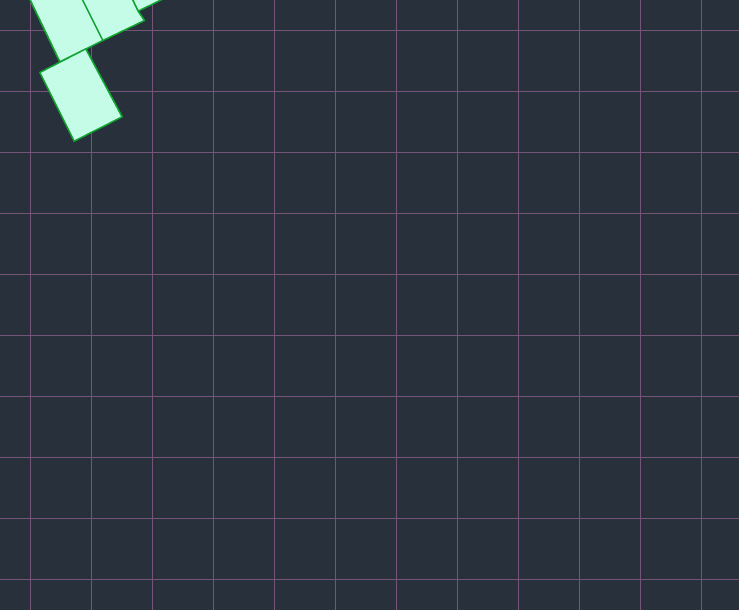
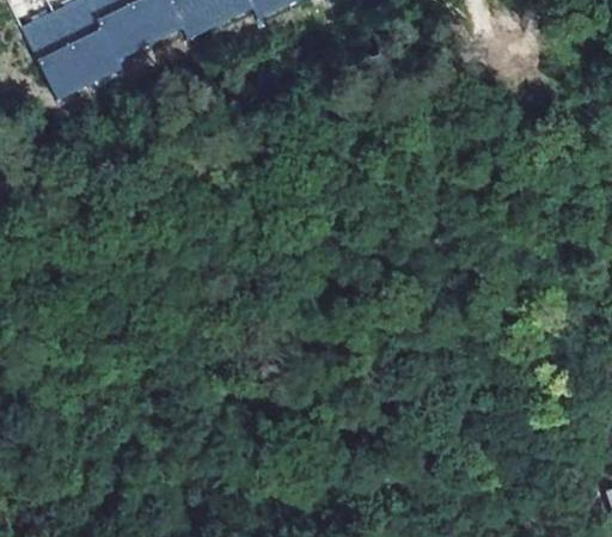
building: [40,49,122,141] -> none

